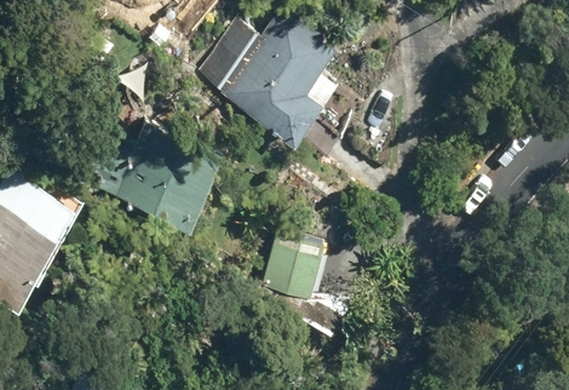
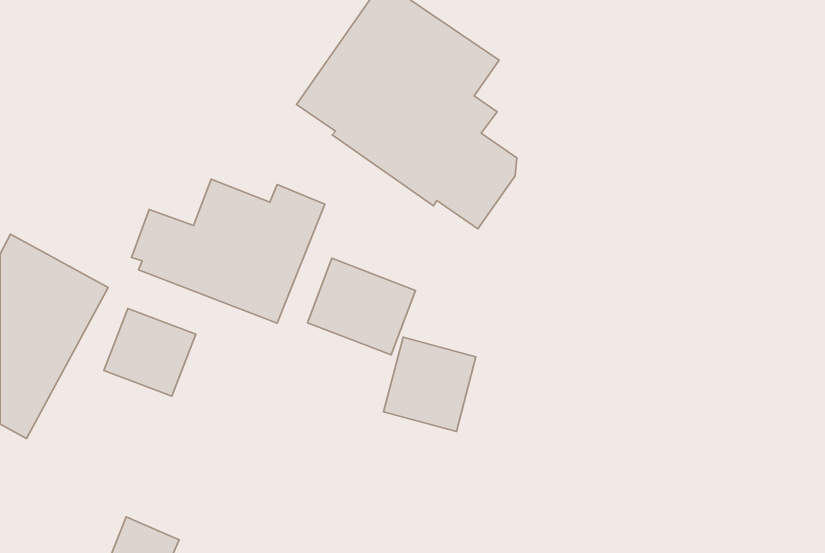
building: none -> [307,258,415,355]
building: none -> [104,308,196,396]

